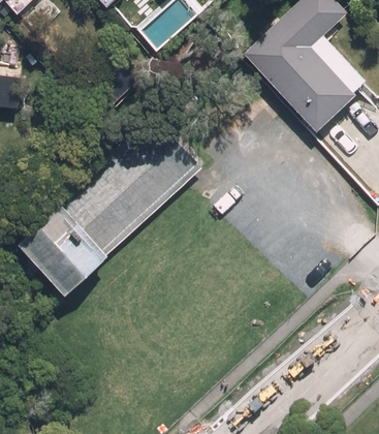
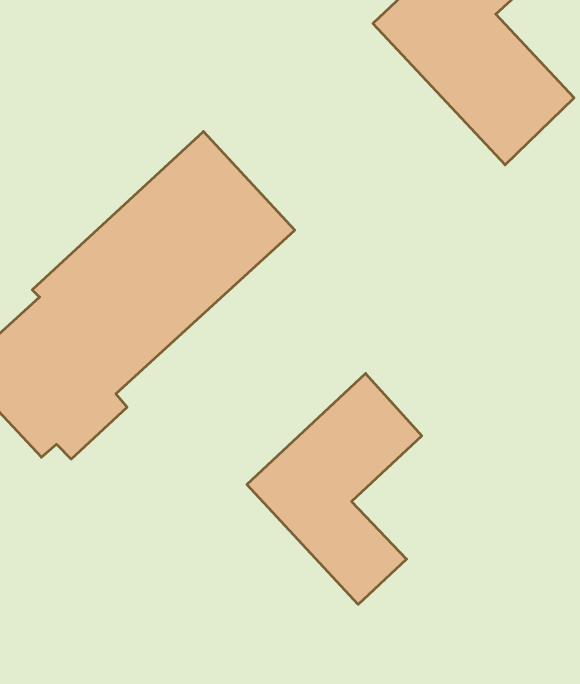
building: none -> [247,373,422,604]

